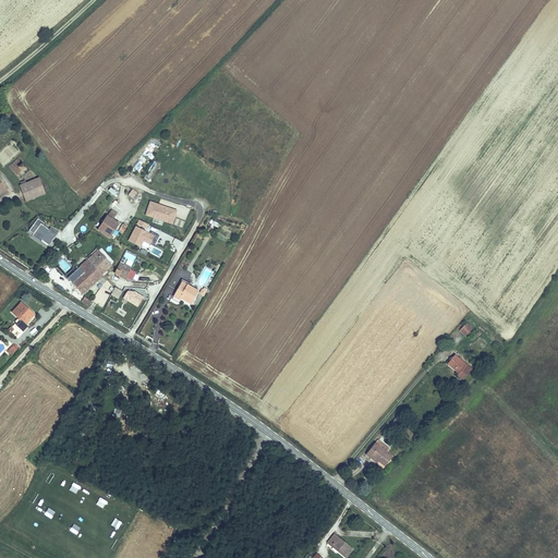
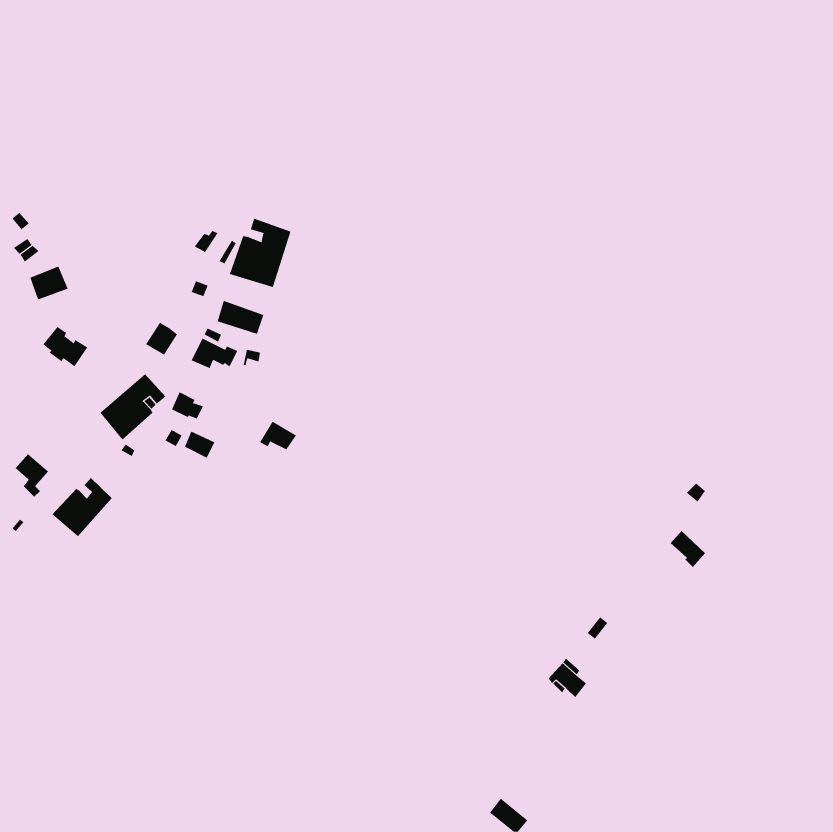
building: none -> [229,218,291,288]
building: none -> [51,477,112,537]

